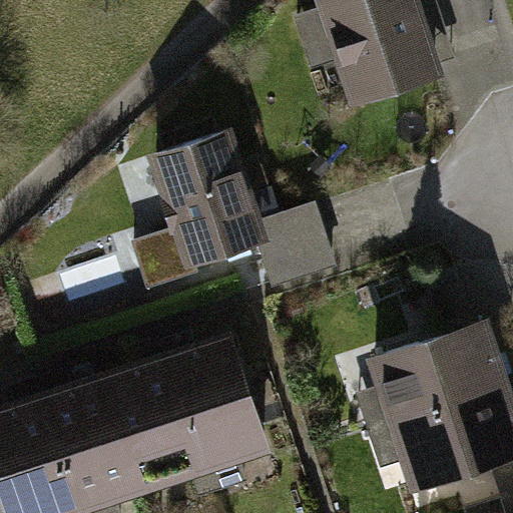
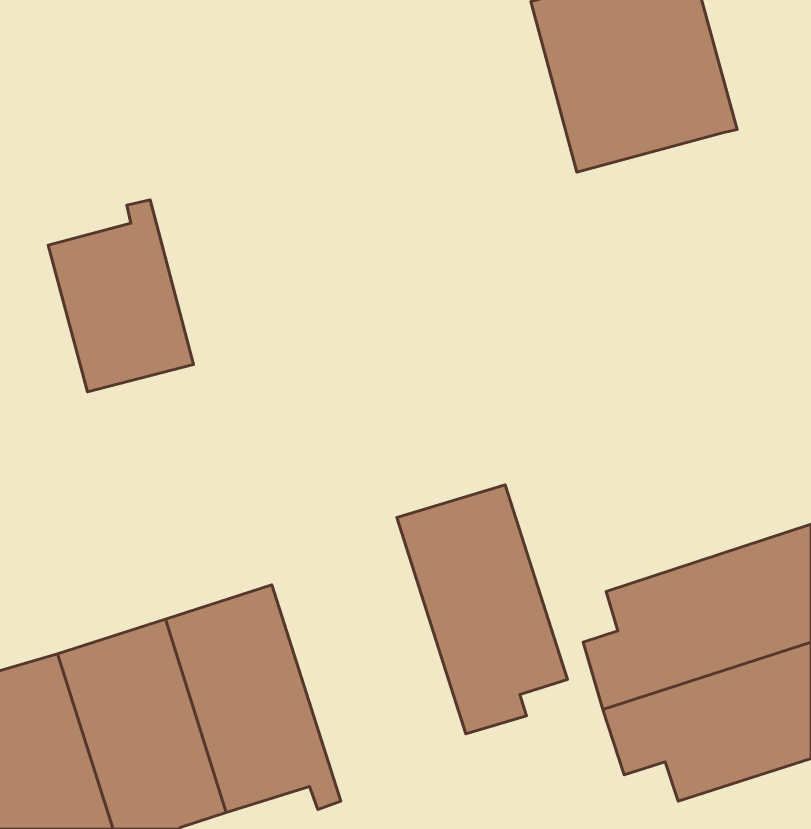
building: none -> [48,200,193,392]
building: [119,124,334,289] -> none
building: [166,338,271,490] -> [397,485,567,734]

